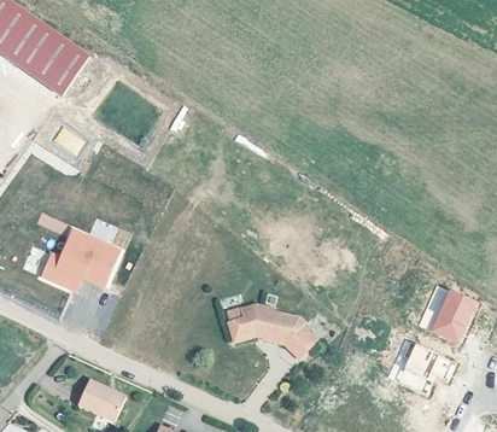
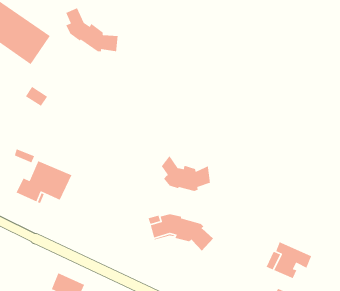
building: none -> [65,7,118,52]
building: none -> [161,155,211,192]
building: [417,291,475,343] -> none

